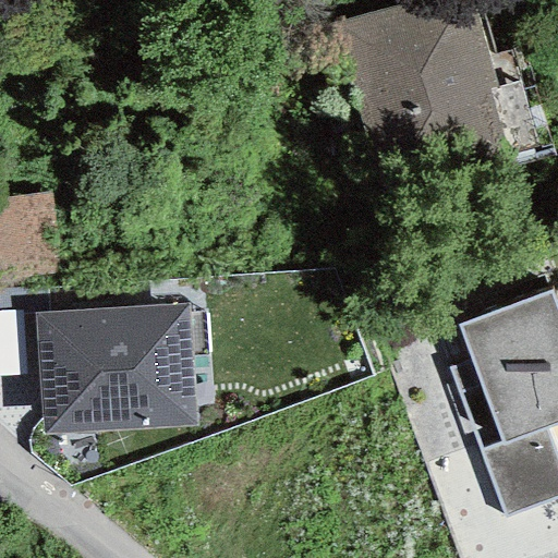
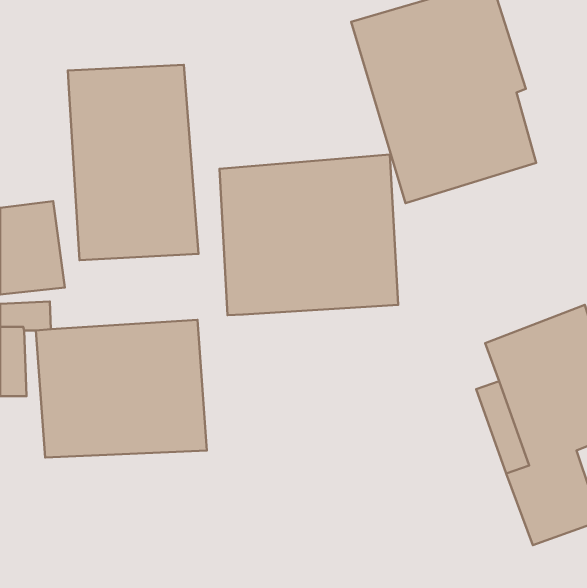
building: none -> [68,65,199,260]
building: none -> [220,154,398,315]

